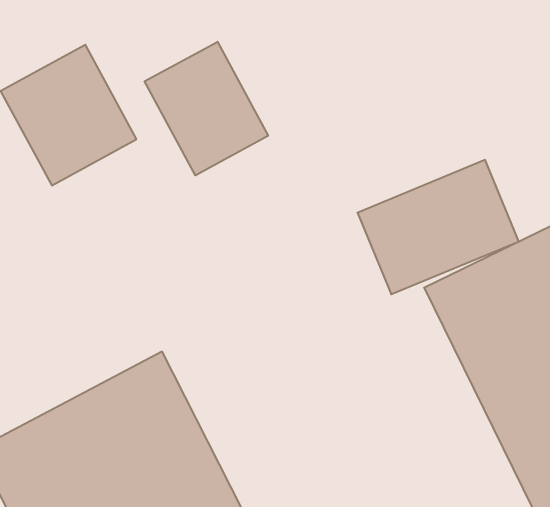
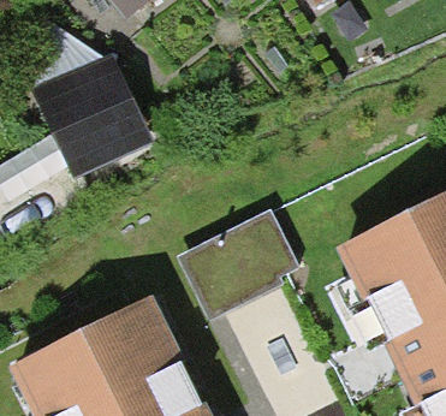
building: [145,42,268,175] -> none
building: [357,160,519,294] -> [184,216,305,317]

